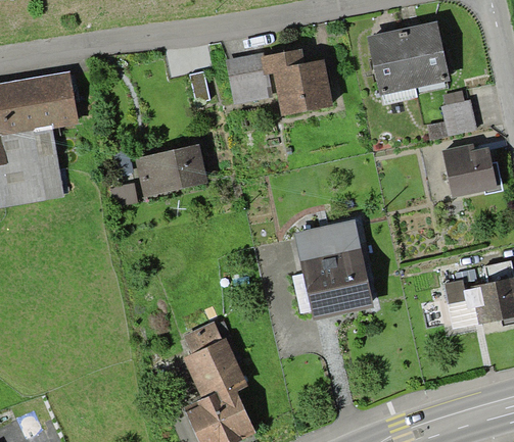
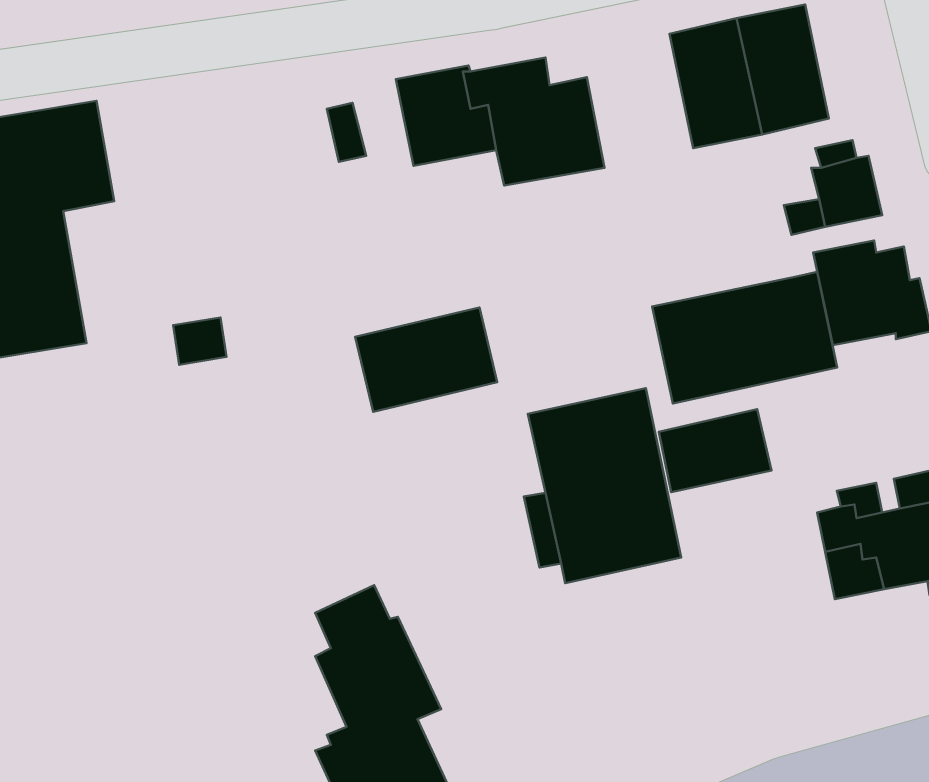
building: [134,143,207,197] -> [355,307,497,412]
building: none -> [652,272,837,403]
building: none -> [659,409,772,492]

